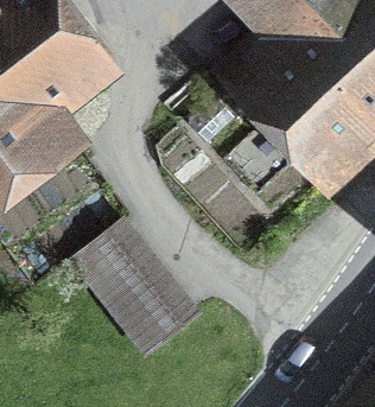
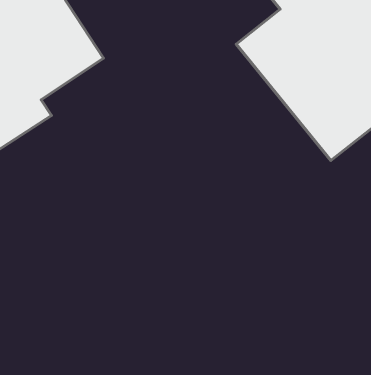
building: [81,221,208,355] -> none

